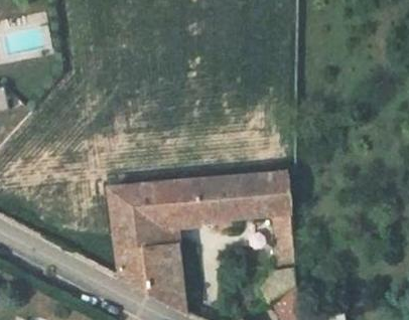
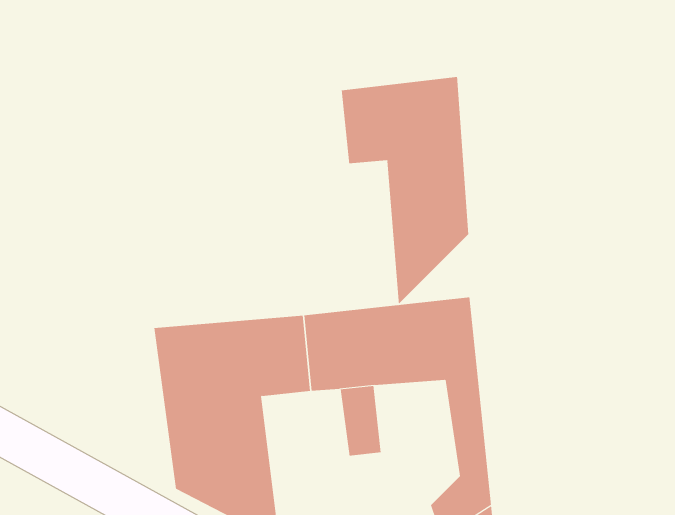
building: none -> [341,76,469,305]

